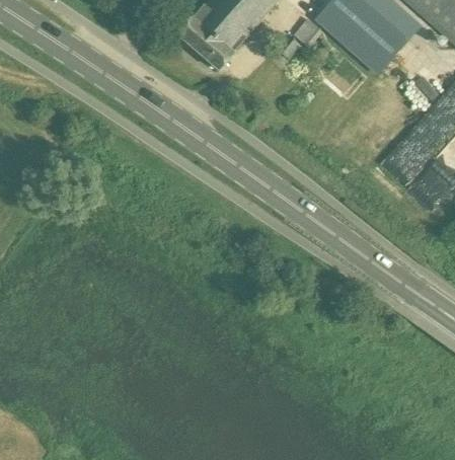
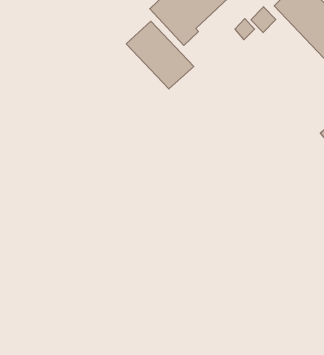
building: none -> [126,21,194,89]

